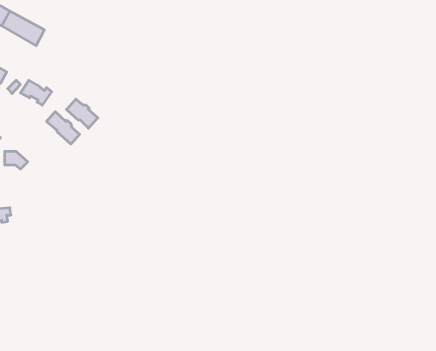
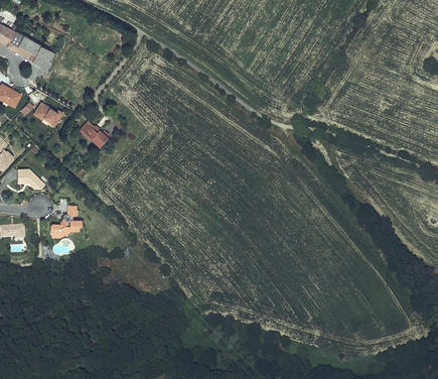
building: [47,112,80,144] -> none
building: none -> [48,207,81,235]

